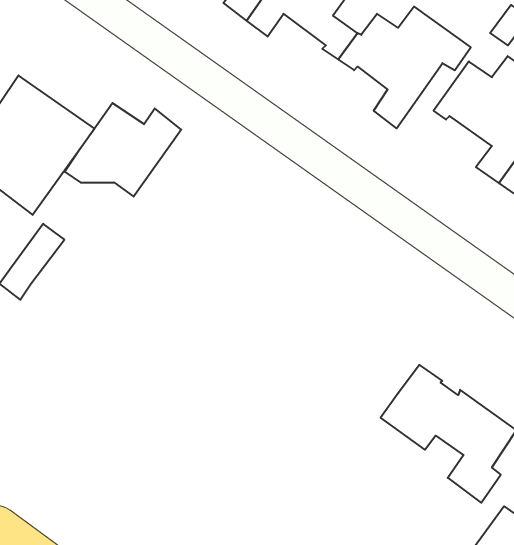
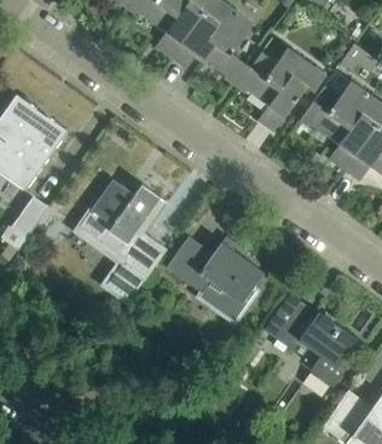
building: [65,103,181,197] -> [80,179,160,243]
building: none -> [118,232,167,295]
building: none -> [166,235,264,322]

